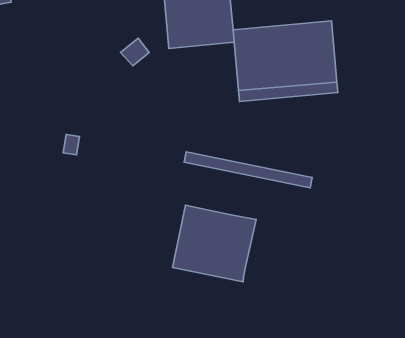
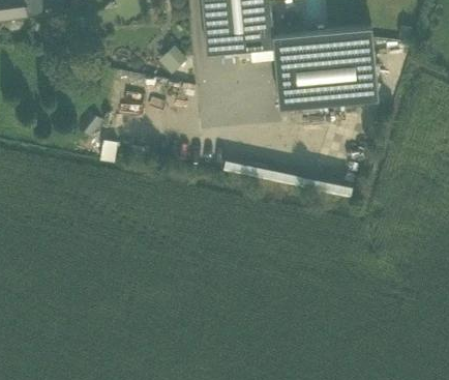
building: [173,205,256,282] -> none

